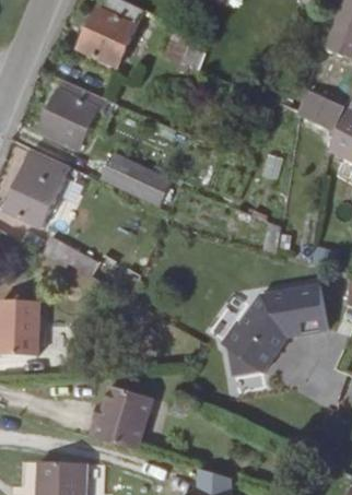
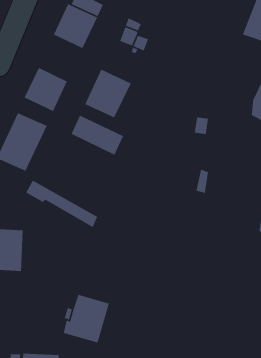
building: [297,89,343,130] -> none
building: none -> [84,68,132,119]
building: [216,287,322,375] -> none

